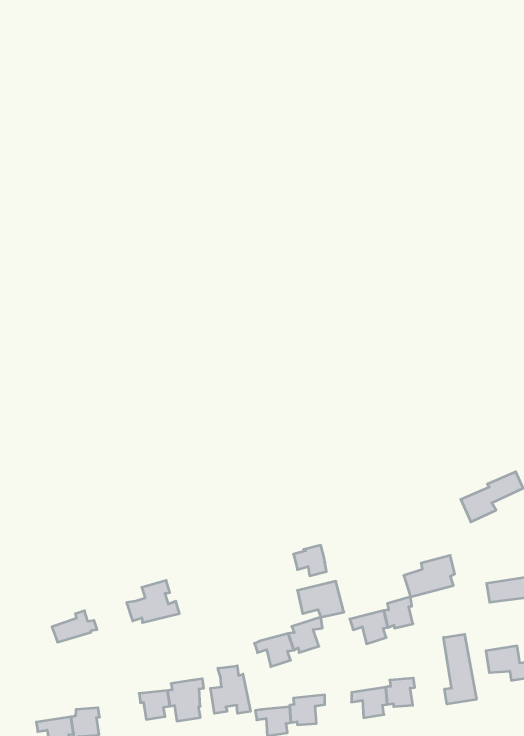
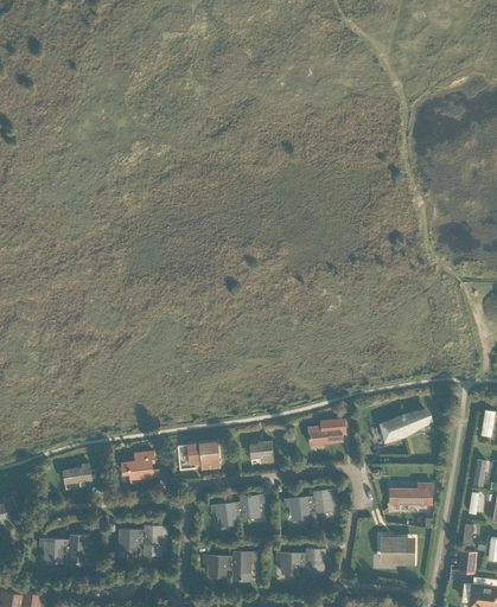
building: [404,555,455,597] -> [306,418,344,445]
building: [297,581,344,617] -> [187,442,219,467]
building: [444,634,476,704] -> none
building: [210,666,250,713] -> none

